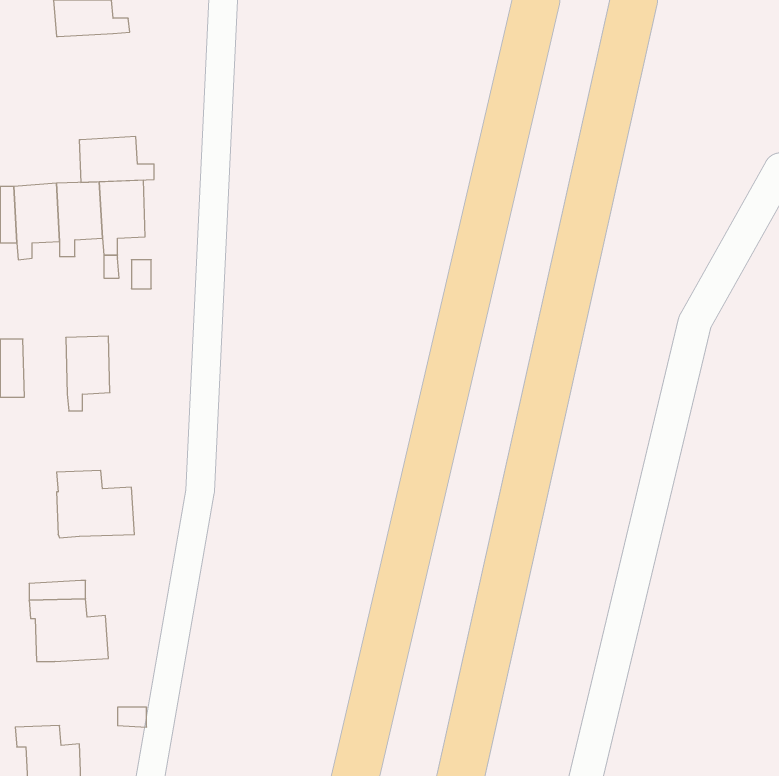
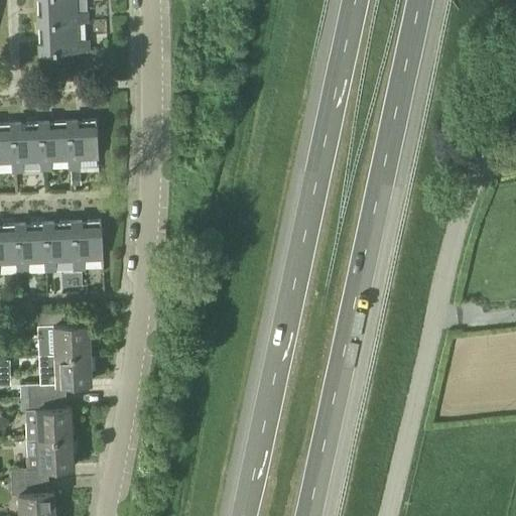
building: [79,137,154,182] -> [38,25,88,55]
building: none -> [73,224,103,273]
building: none -> [16,226,45,275]
building: none -> [53,356,91,386]
building: none -> [11,437,74,483]

